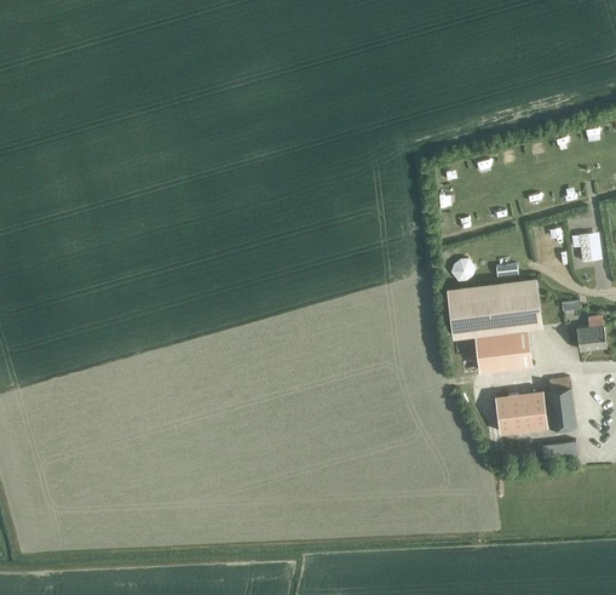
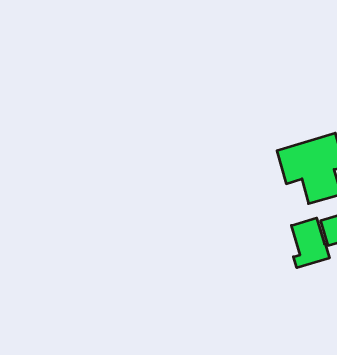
building: none -> [291,218,329,268]

